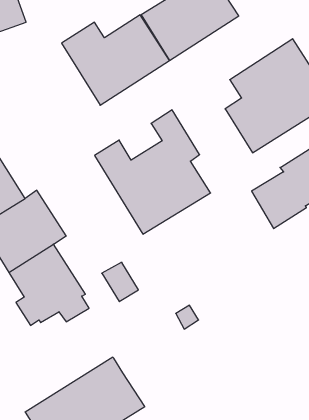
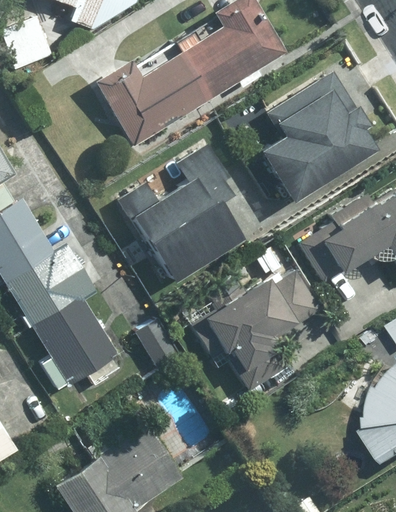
building: none -> [188,269,319,390]

